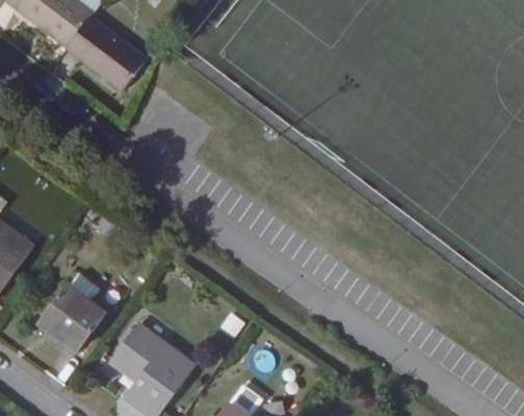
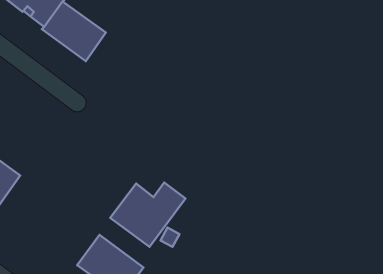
building: none -> [110,183,185,247]
building: [38,284,106,352] -> none

